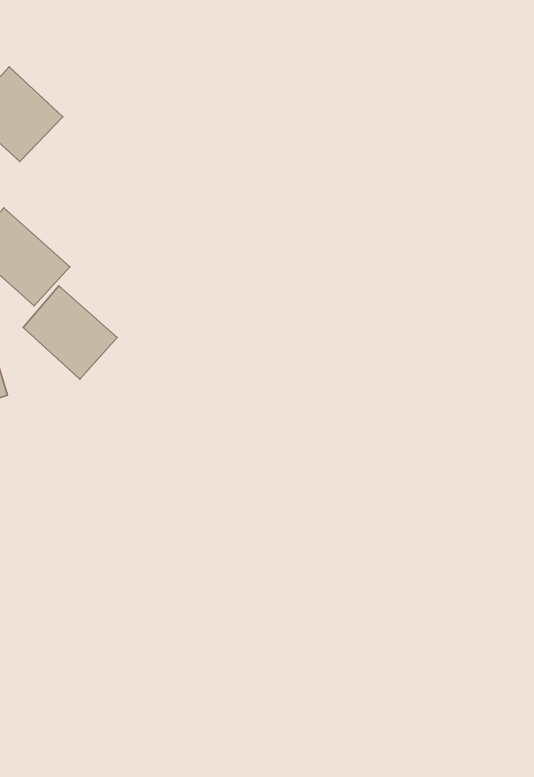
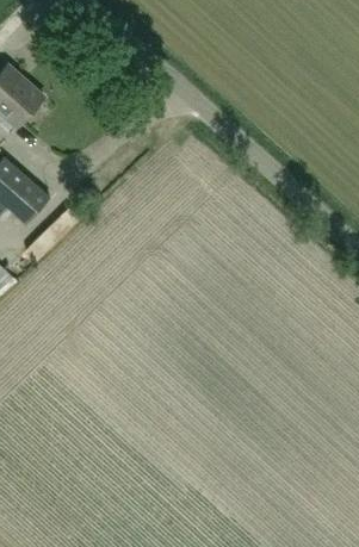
building: [23,286,117,379] -> none

